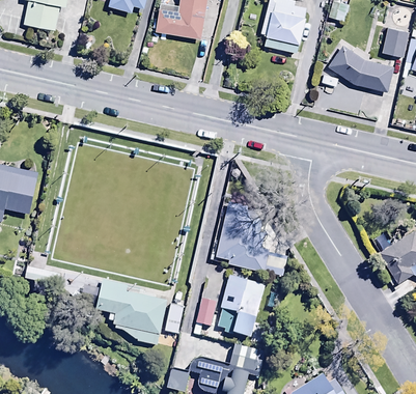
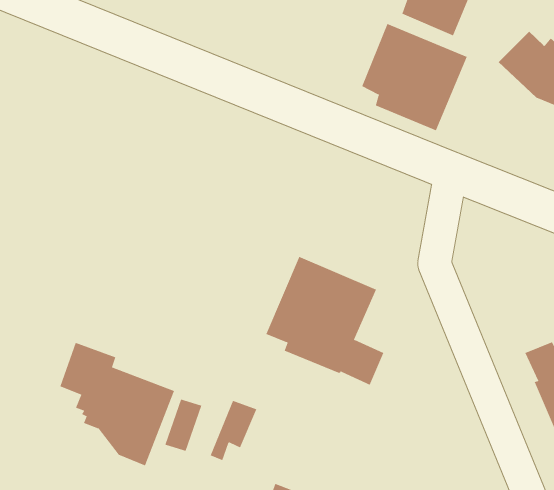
building: none -> [361,23,467,131]
building: [216,270,265,332] -> none

